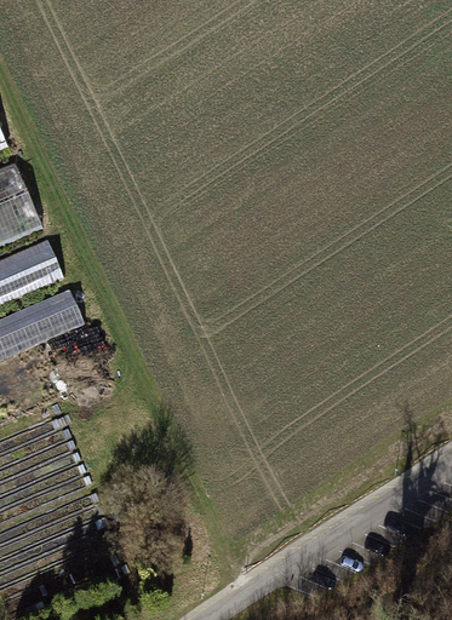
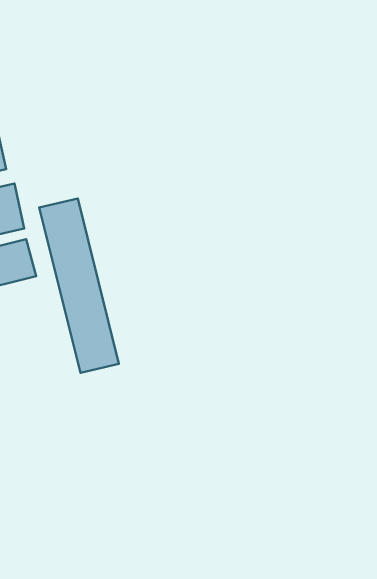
building: none -> [39,198,119,373]

